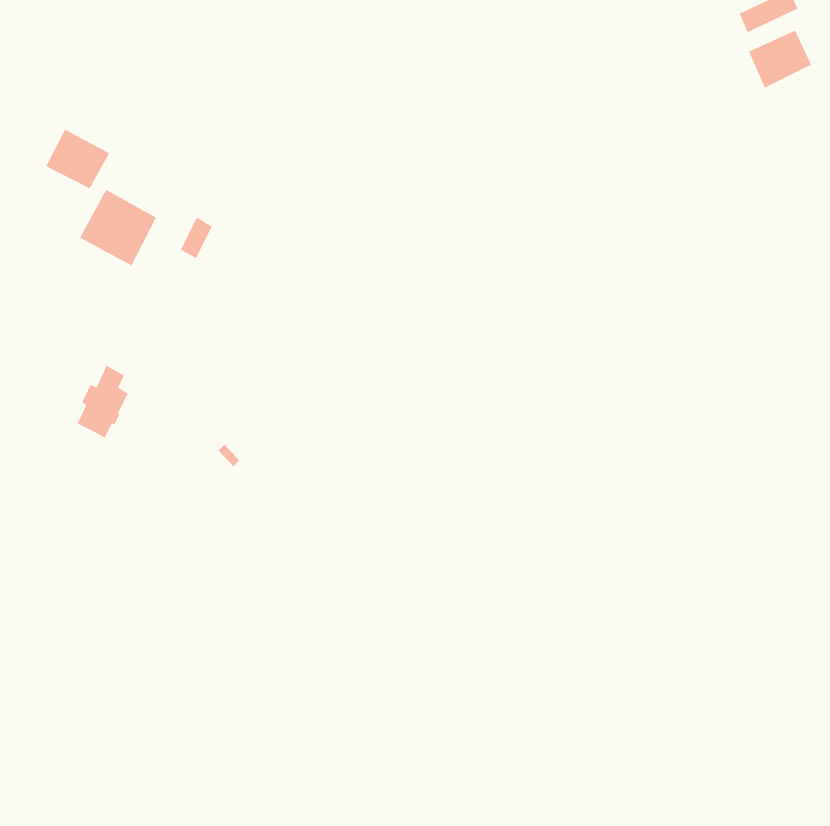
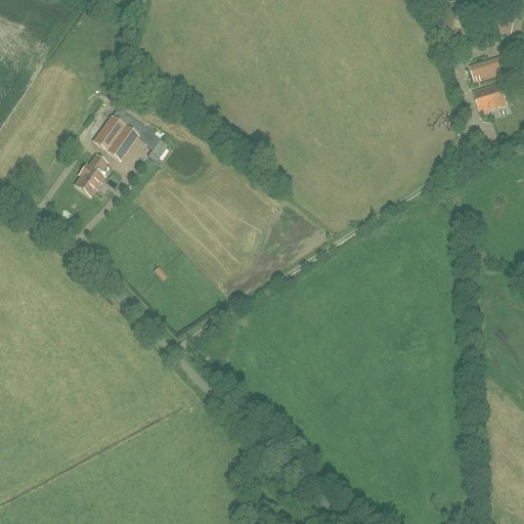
building: [46,129,110,189] -> none
building: [77,365,129,438] -> [76,155,106,194]

